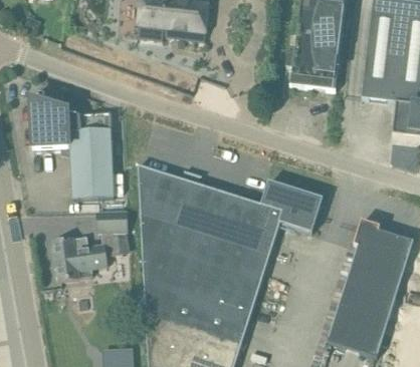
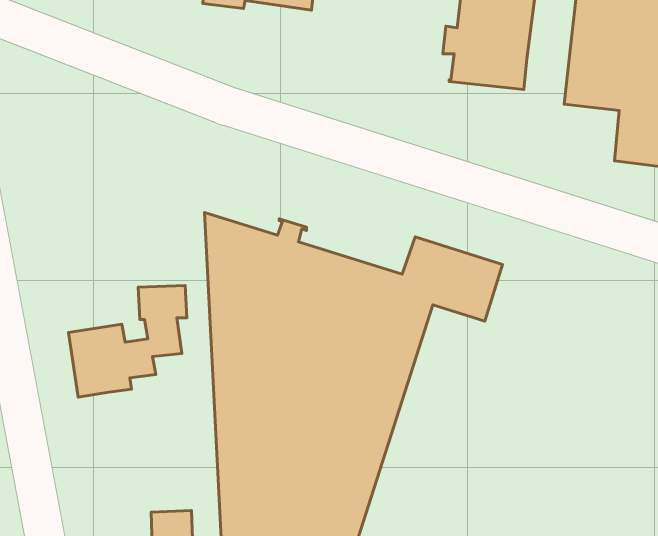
building: [30,99,114,198] -> none
building: [327,220,413,357] -> none

